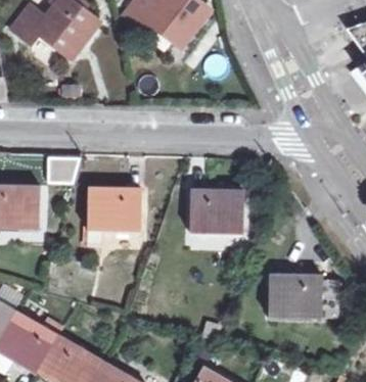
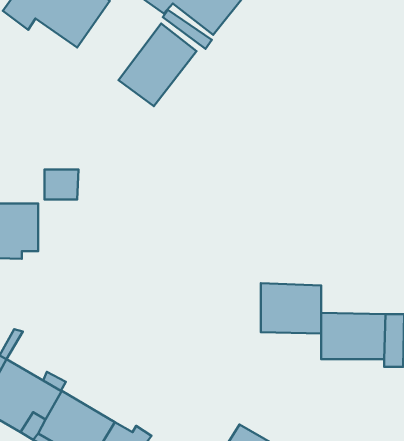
building: none -> [119,23,196,106]
building: [87,187,140,245] -> none
building: [190,188,239,229] -> [261,283,321,333]

